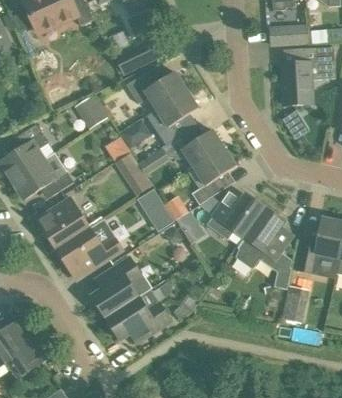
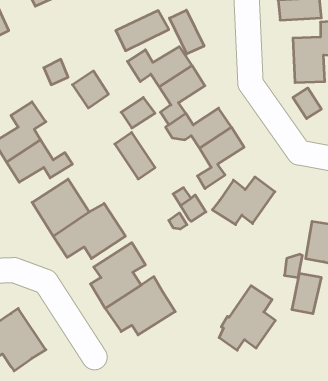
building: none -> [169,10,204,54]
building: [136,190,174,232] -> none
building: [235,207,288,268] -> [219,286,275,350]

